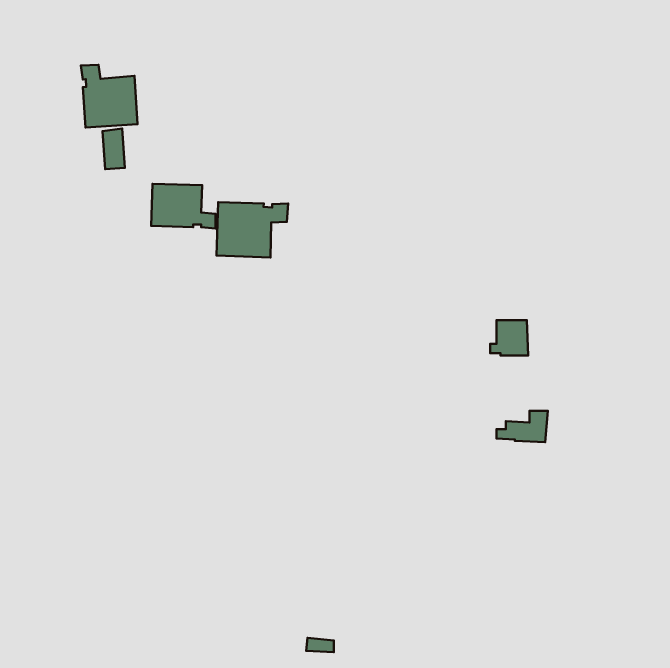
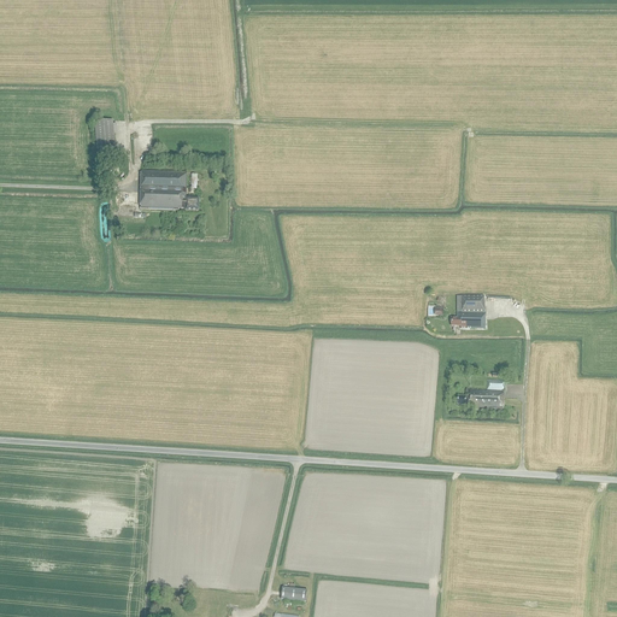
building: [81,65,137,128] -> none
building: [217,202,288,258] -> none

